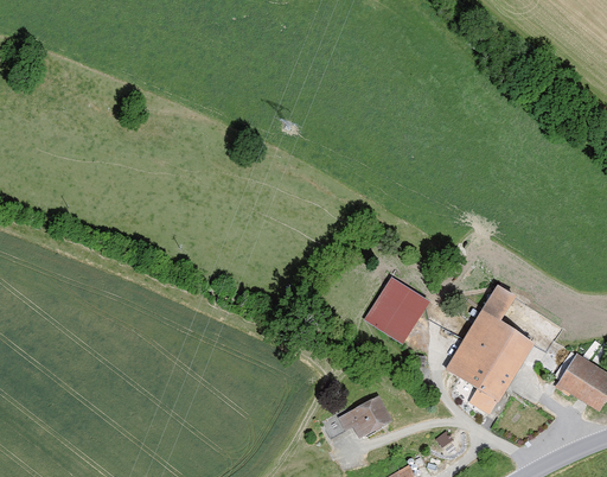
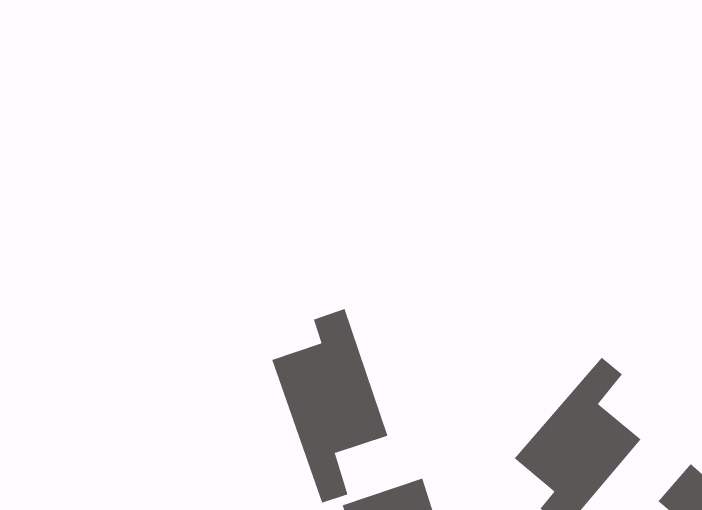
building: none -> [272,308,388,504]
building: [365,279,429,344] -> none

